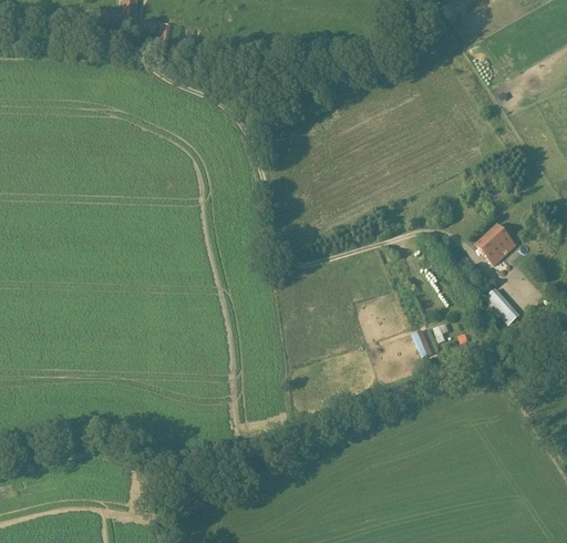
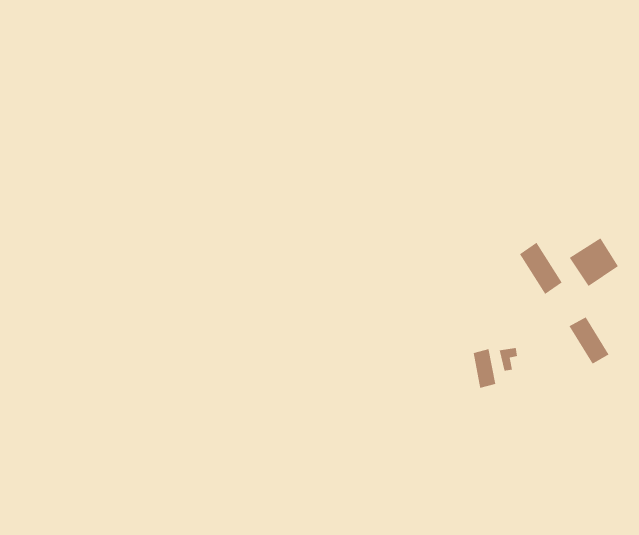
building: none -> [519,242,563,295]

